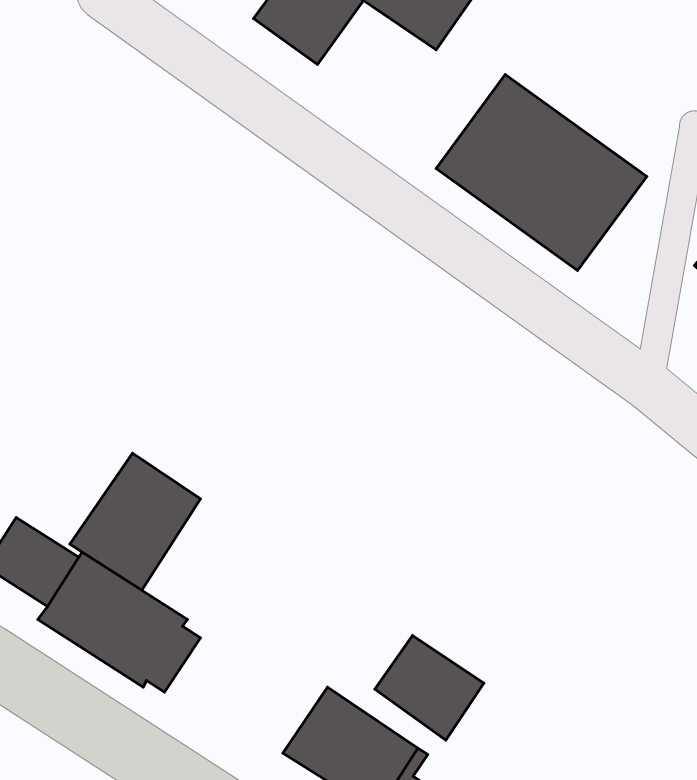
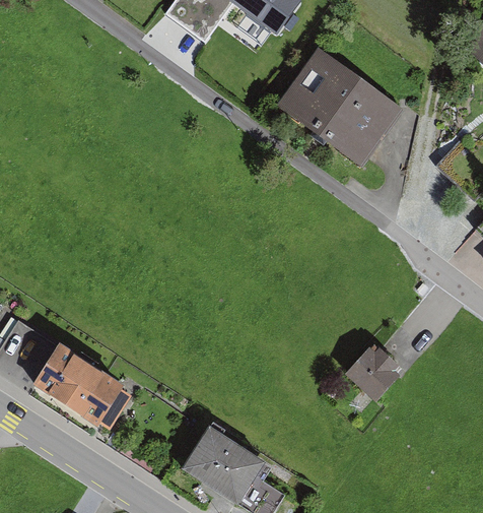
building: [70,453,201,590] -> none
building: none -> [344,340,400,400]
building: [375,635,484,740] -> none

